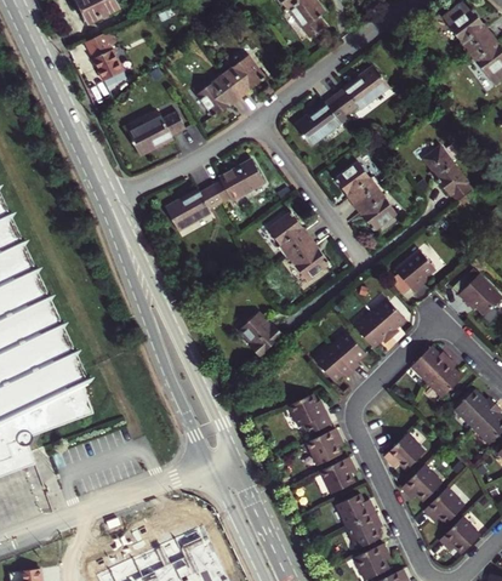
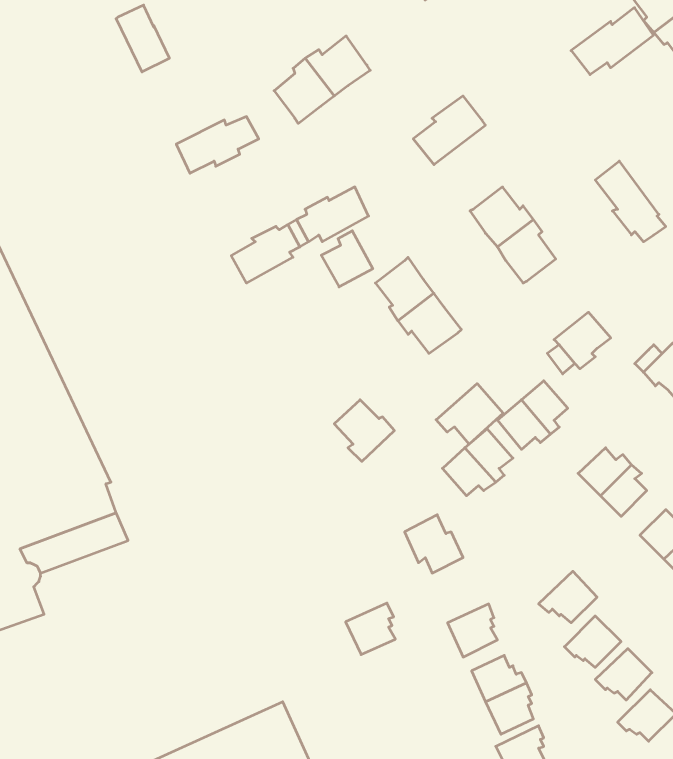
building: [330,68,388,115] -> [571,8,653,75]
building: none -> [321,231,373,287]
building: none -> [436,384,503,444]
building: [306,429,341,466] -> [346,603,395,655]

